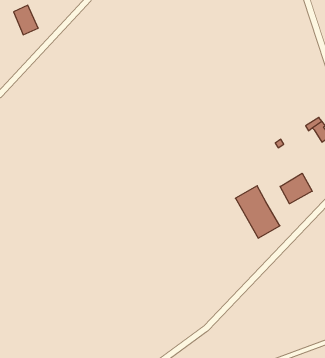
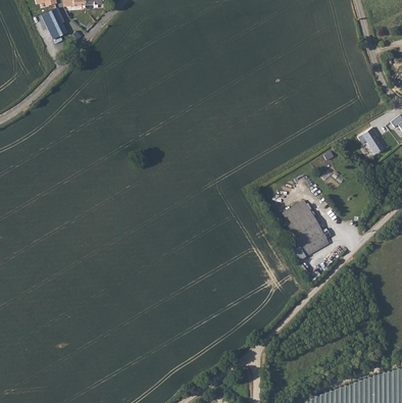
building: [280,173,312,204] -> none

